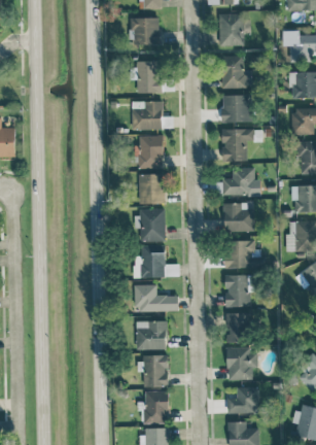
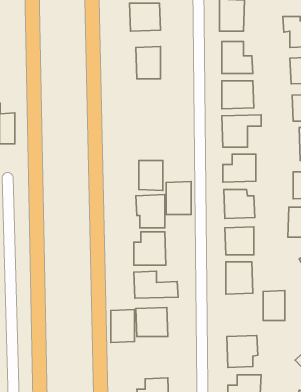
building: [134,101,163,130] -> none
building: [139,135,164,168] -> [166,181,191,215]
building: [225,312,247,342] -> [263,290,285,320]
building: [144,354,168,387] -> [111,309,135,343]

